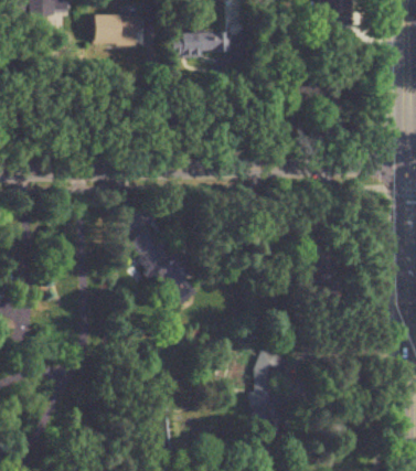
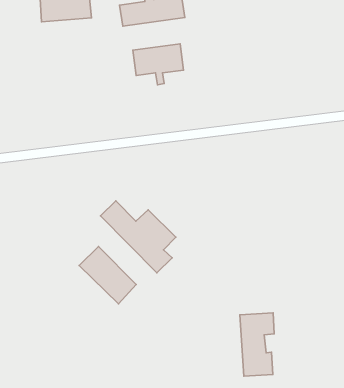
building: none -> [133,44,184,85]
building: none -> [79,246,136,304]

